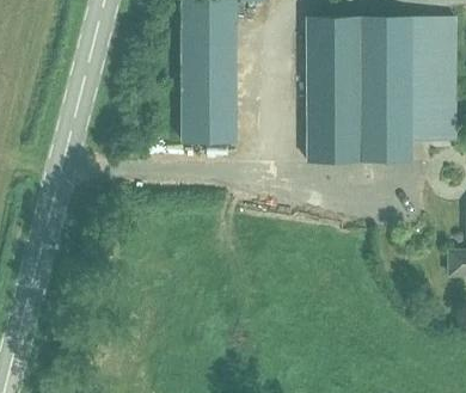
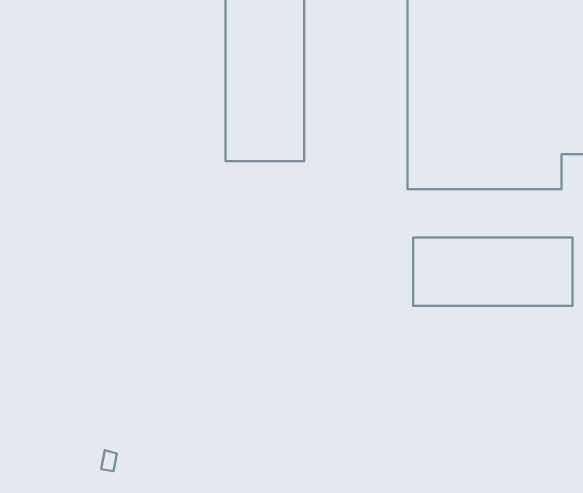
building: none -> [413,237,572,306]

